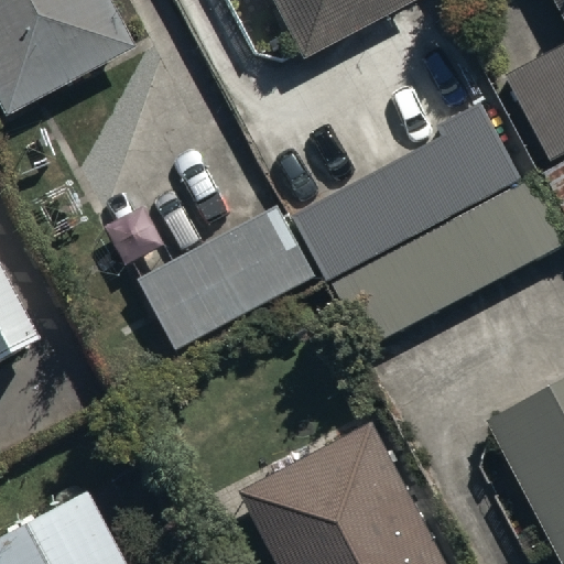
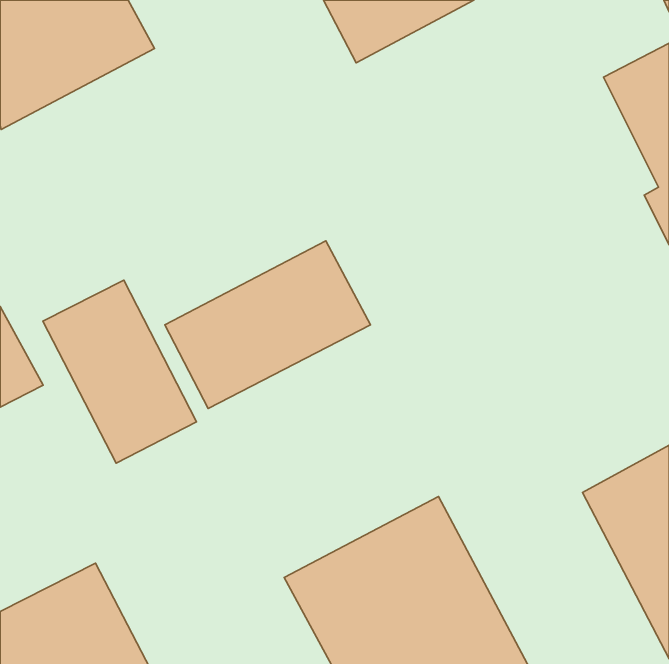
building: [291,104,528,282] -> none
building: none -> [43,280,196,463]

